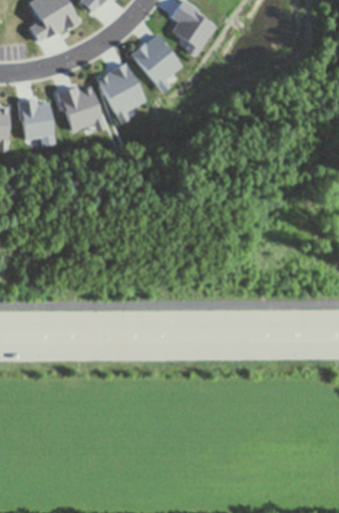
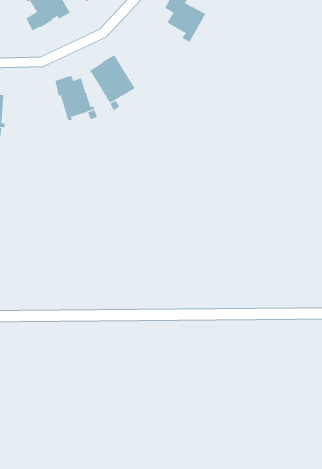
building: [133,36,183,91] -> none
building: [18,100,50,139] -> none

